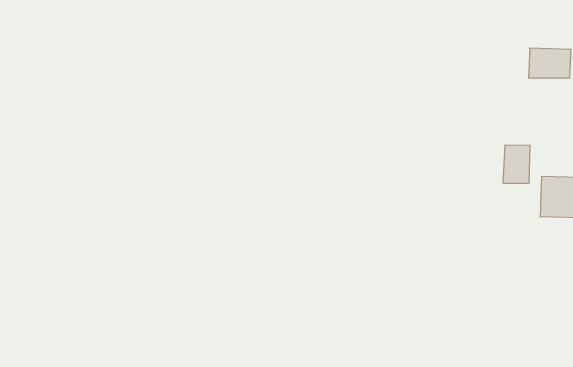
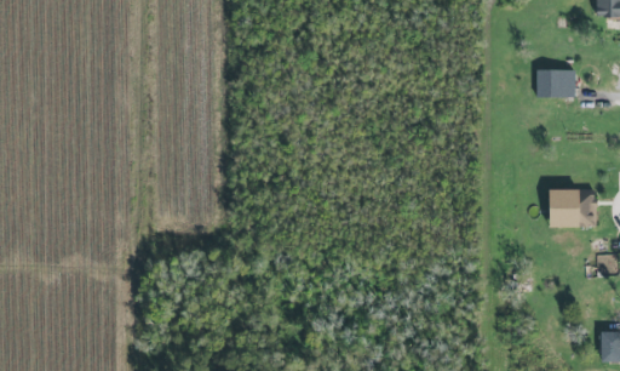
building: [503,145,530,184] -> none

